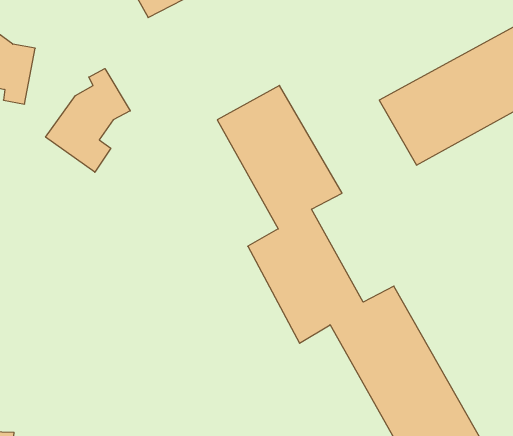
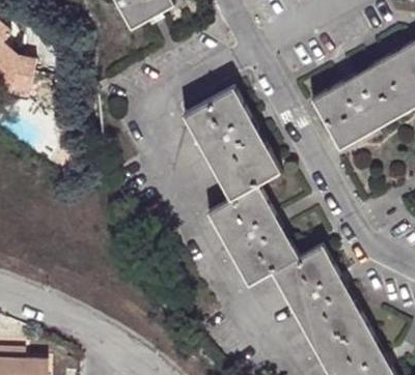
building: [46,69,130,172] -> none

